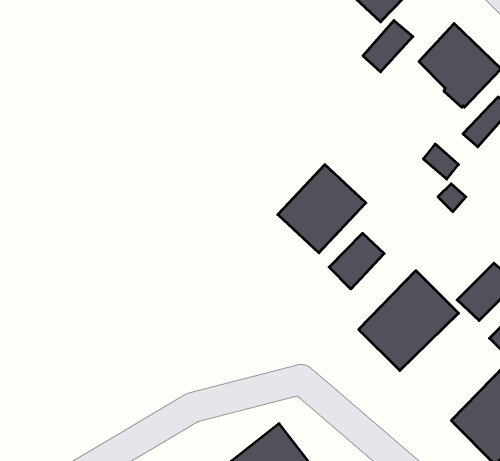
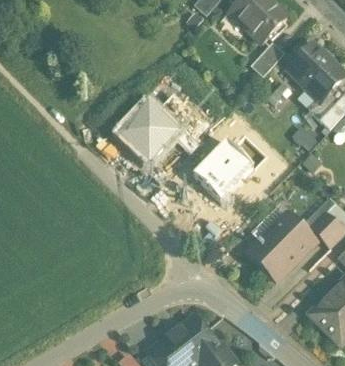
building: none -> [115,99,179,163]
building: [329,233,384,289] -> none

